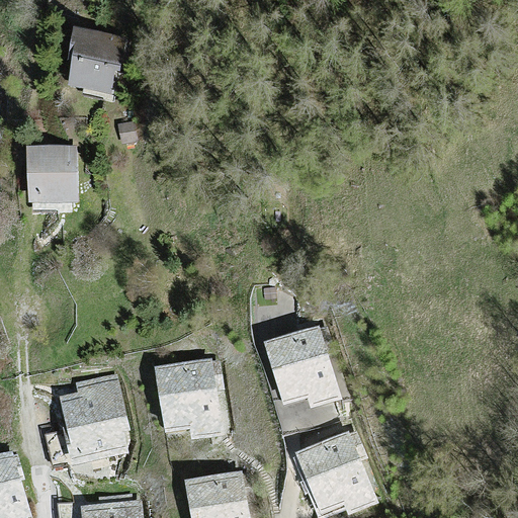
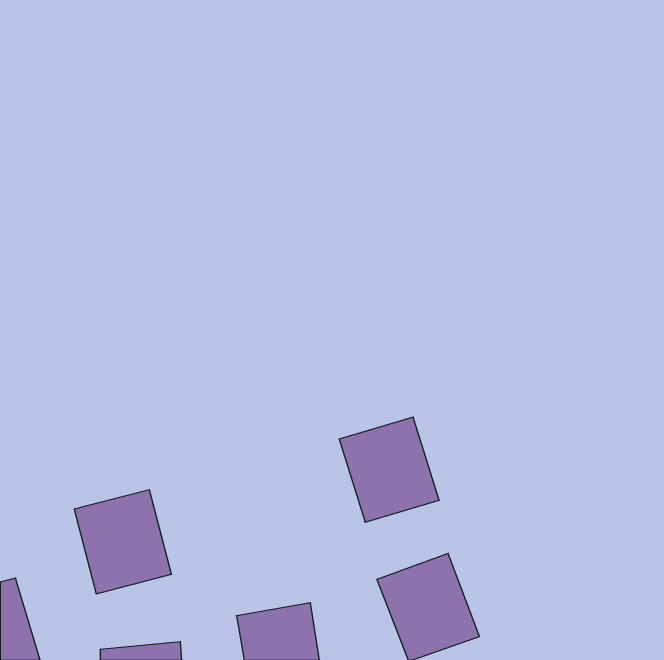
building: [66,28,127,96] -> none
building: [26,146,79,205] -> none
building: [156,361,222,433] -> none

